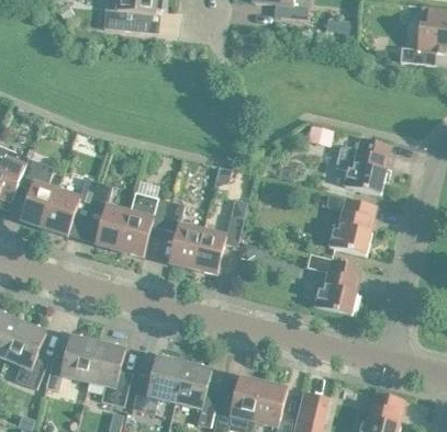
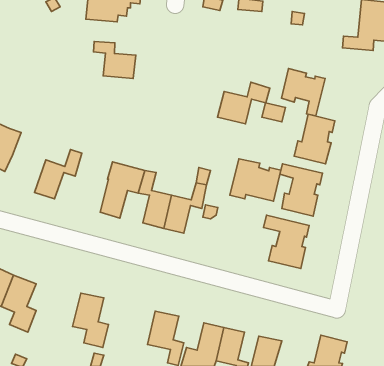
building: none -> [94,41,136,78]
building: none -> [281,69,325,116]
building: none -> [218,82,270,124]
building: [18,158,56,227] -> none
building: [90,182,128,250] -> none
building: none -> [230,159,281,201]
building: [45,337,97,390] -> none
building: [131,357,182,413] -> none

